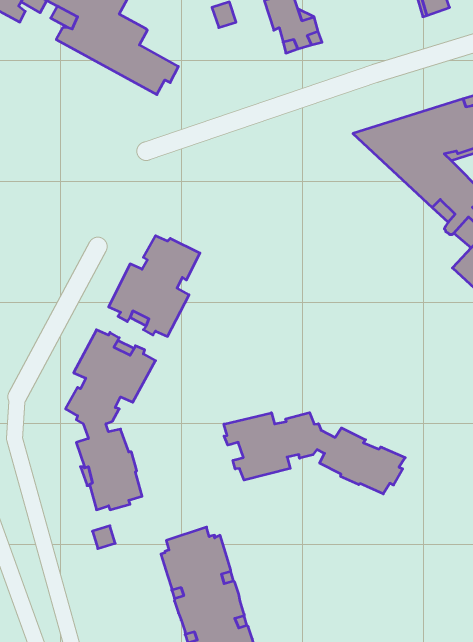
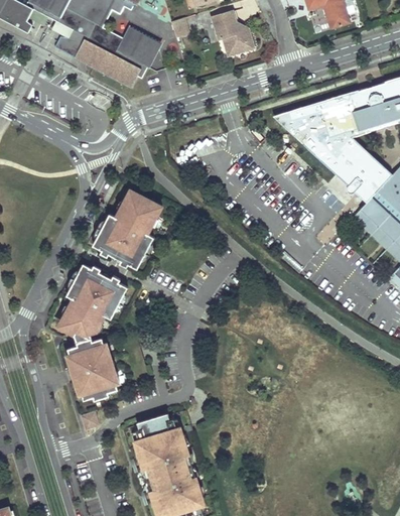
building: none -> [116,25,160,67]
building: [224,413,405,494] -> none

